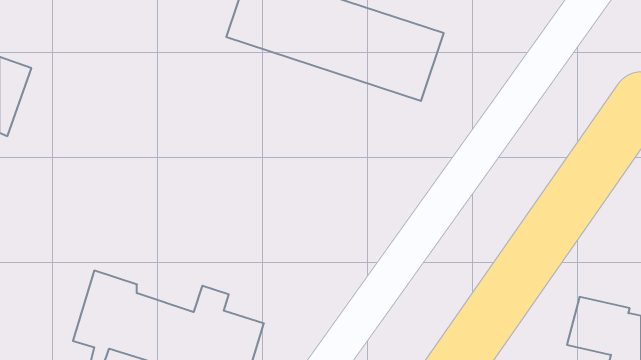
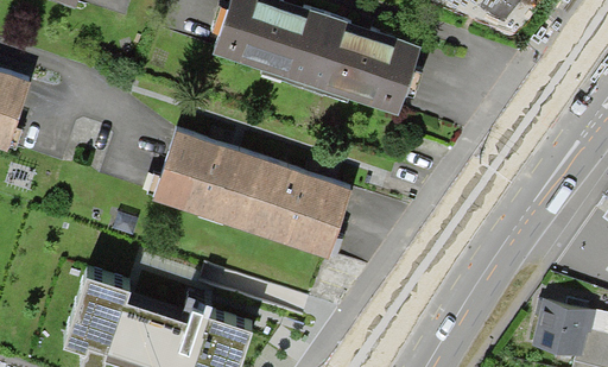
building: none -> [154,129,350,252]

